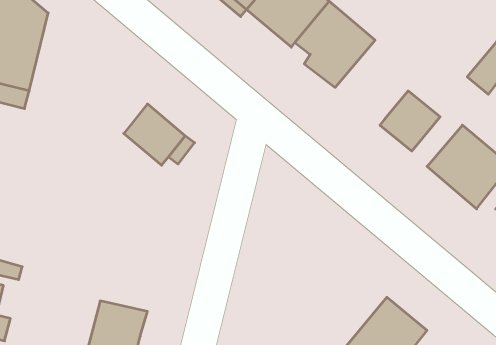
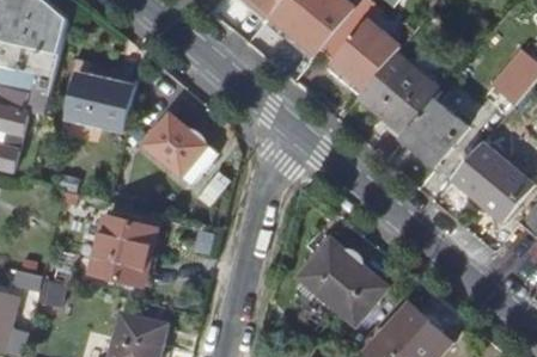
building: none -> [372,55,444,127]
building: none -> [67,74,135,133]
building: none -> [90,215,152,282]
building: none -> [297,241,385,328]

